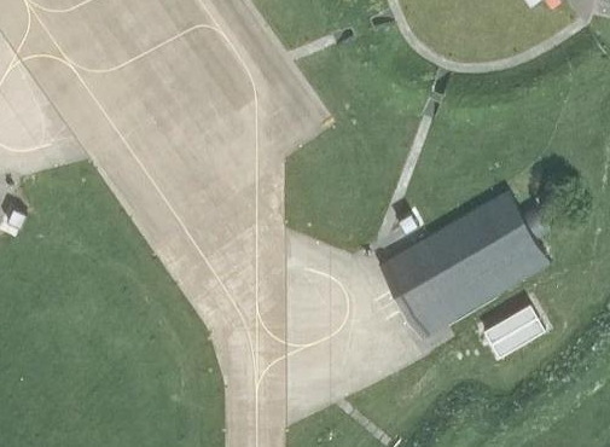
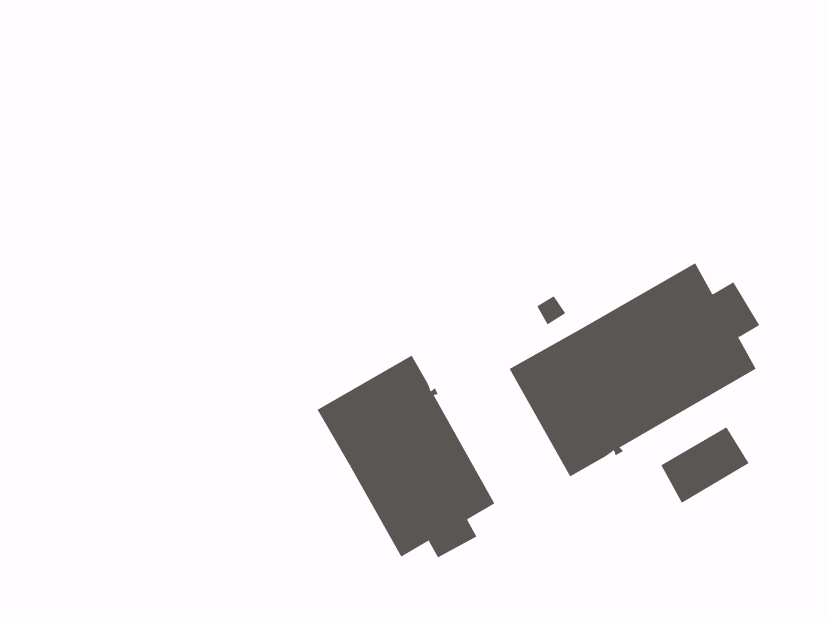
building: none -> [317,355,495,558]

